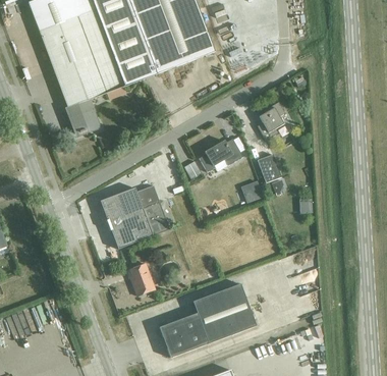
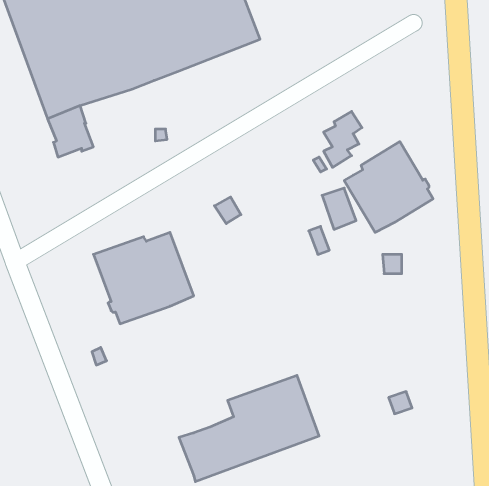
building: none -> [344,142,433,232]
building: [199,138,242,171] -> none
building: [126,263,155,296] -> none

